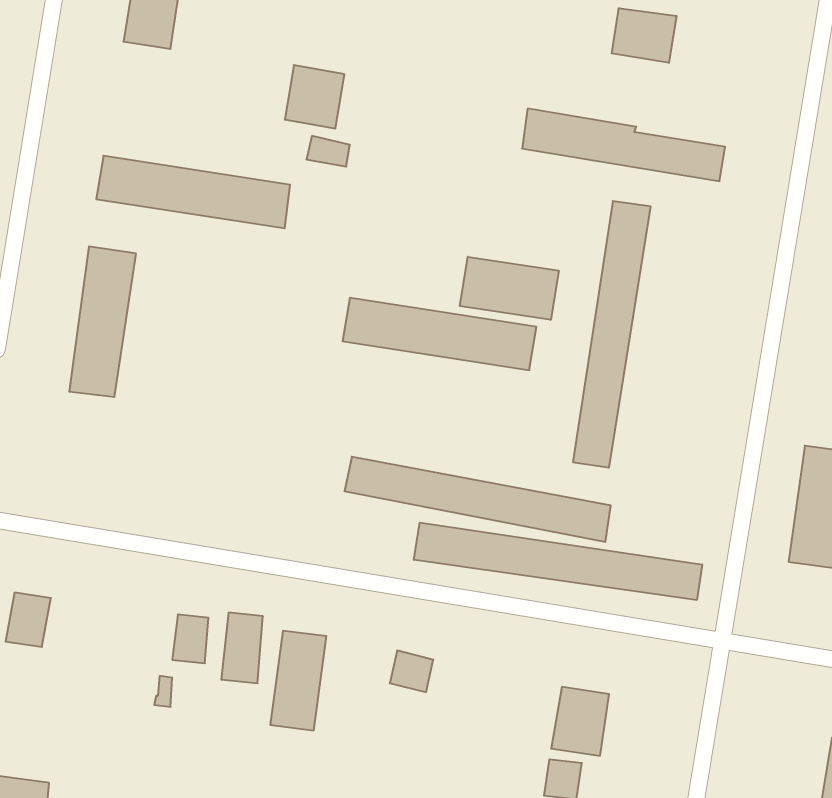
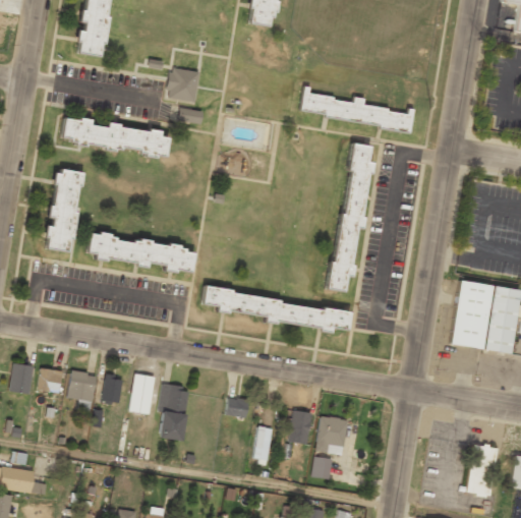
building: [612,8,677,63] -> none
building: [460,257,559,320] -> none
building: [343,298,536,370] -> [86,232,195,273]
building: [414,523,702,600] -> none
building: none -> [39,366,64,393]
building: none -> [69,370,97,410]
building: none -> [289,409,313,444]
building: none -> [255,425,273,462]

